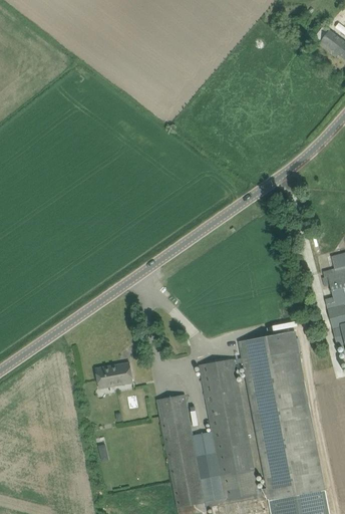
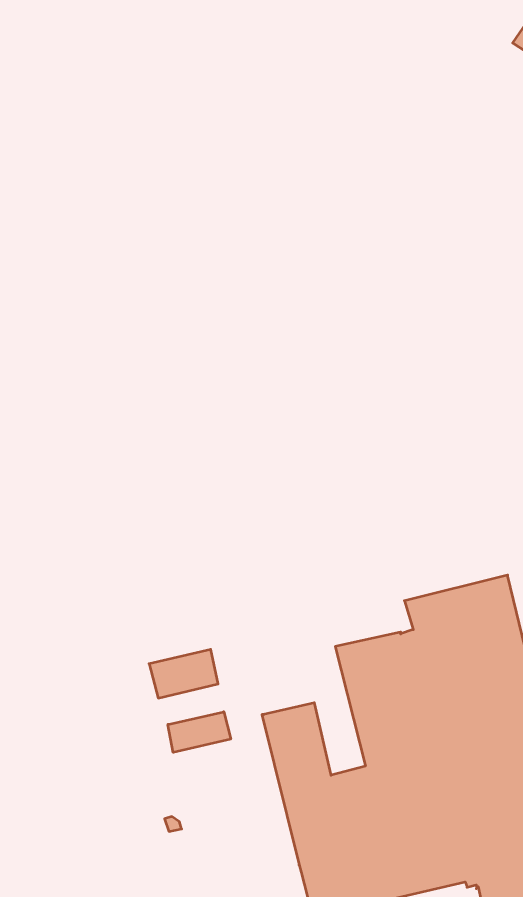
building: none -> [168,712,231,752]

